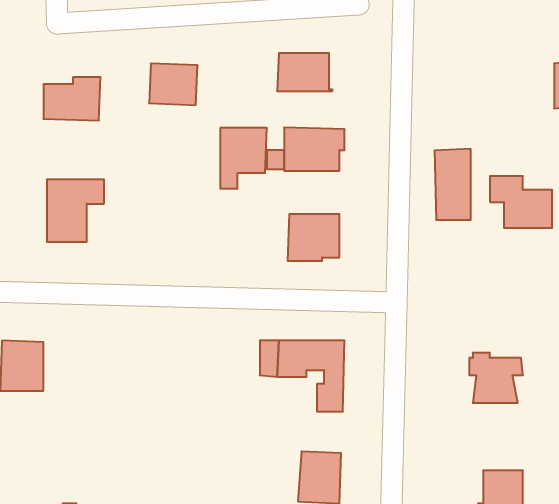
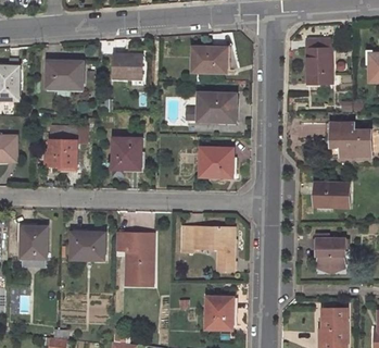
building: [220,128,267,189] -> [113,138,142,176]
building: [434,149,471,220] -> [306,37,329,82]
building: none -> [314,182,348,207]
building: none -> [71,233,103,260]
building: none -> [114,233,152,285]

